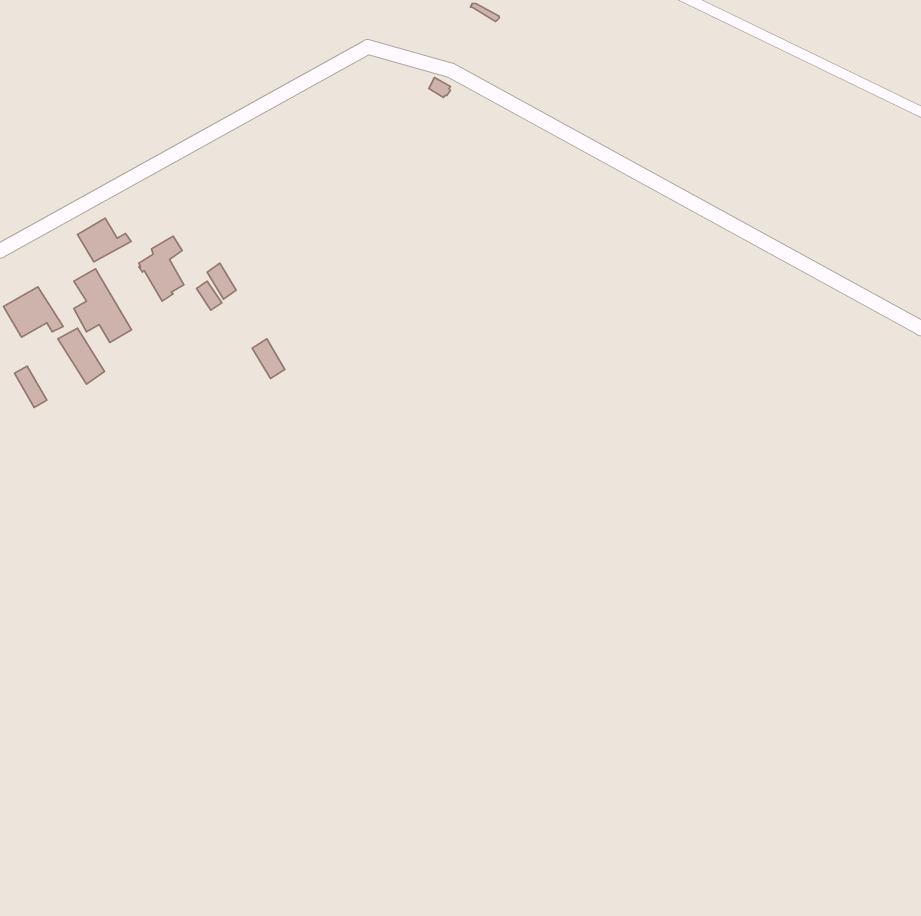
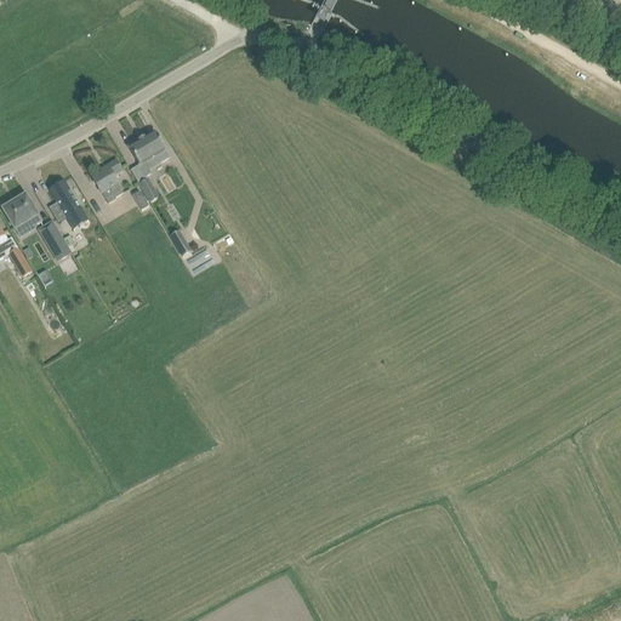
building: none -> [129,130,169,176]
building: [77,218,131,262] -> none

